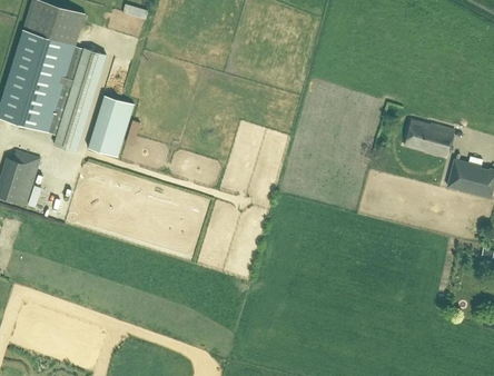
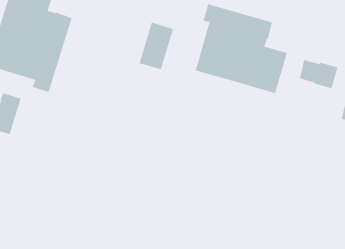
building: none -> [195,4,288,94]
building: [88,96,132,157] -> [139,22,174,70]

